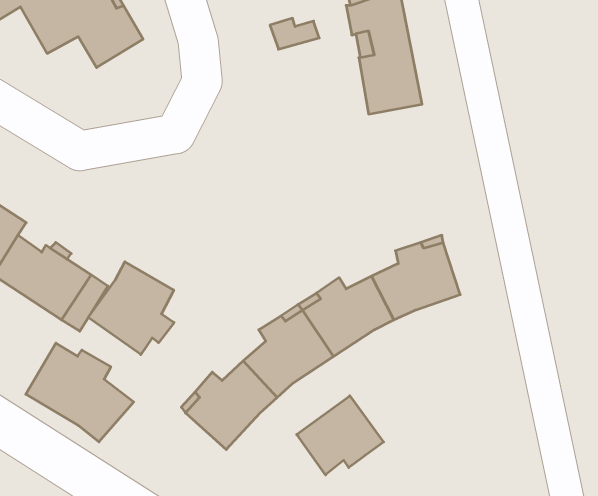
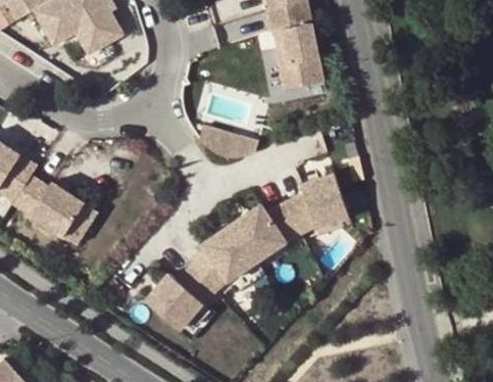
building: [88,262,174,355] -> none
building: [26,343,134,442] -> none
building: [297,396,384,475] -> none

